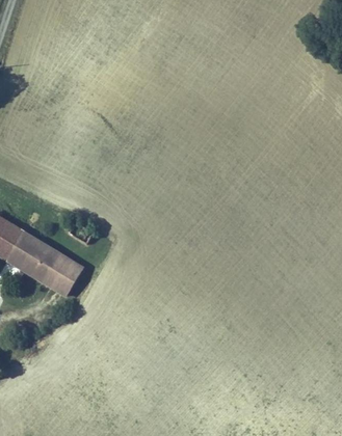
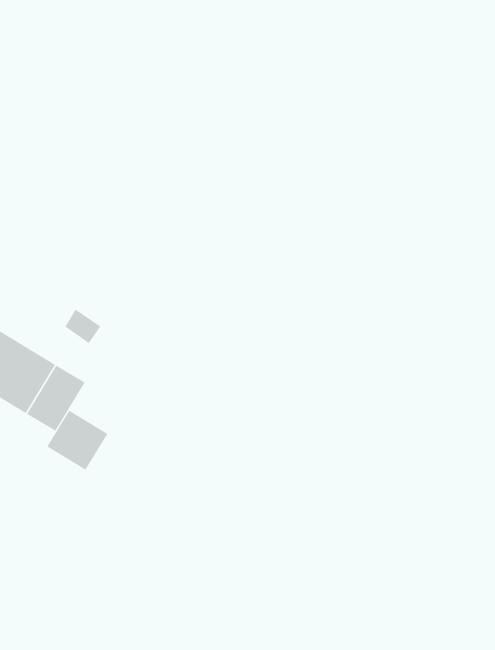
building: none -> [46,410,108,470]

